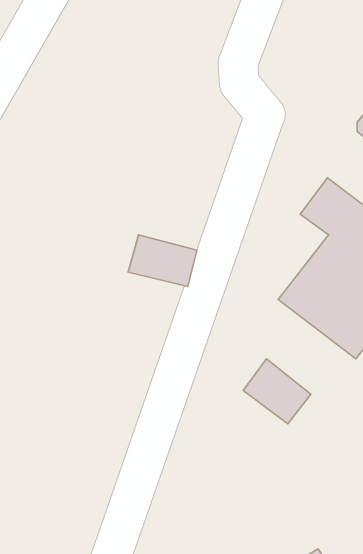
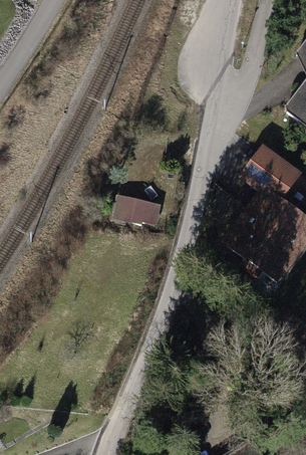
building: [243,359,311,424] -> none

